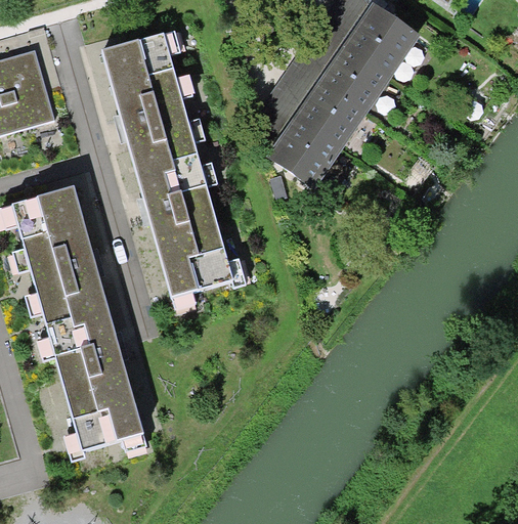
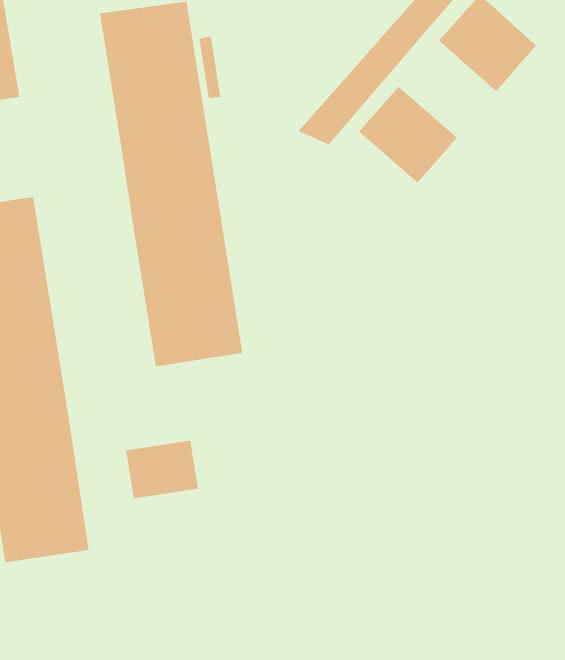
building: [321,40,392,107] -> none
building: [267,112,344,187] -> none
building: none -> [126,440,199,499]

